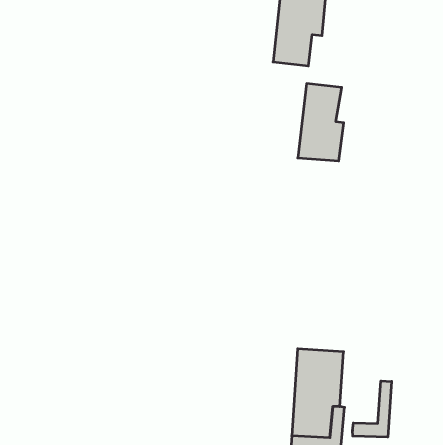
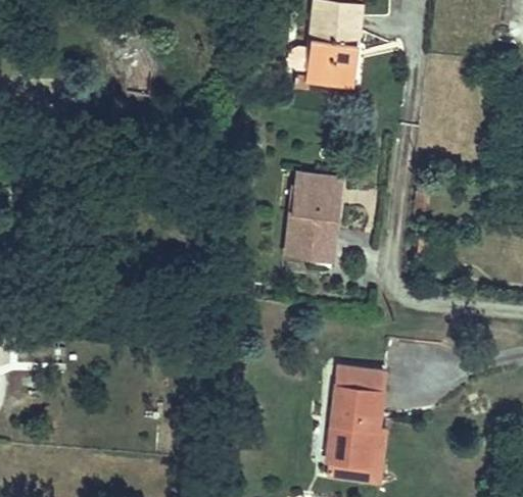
building: [298,84,344,161] -> [285,177,333,257]
building: [353,381,392,437] -> none

